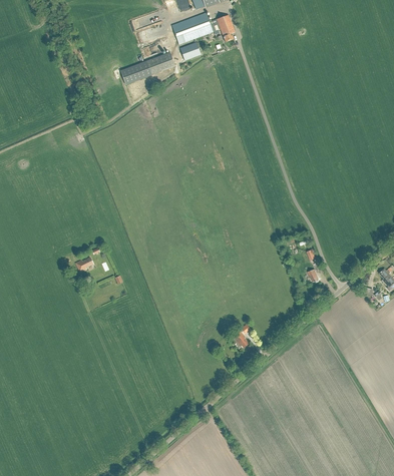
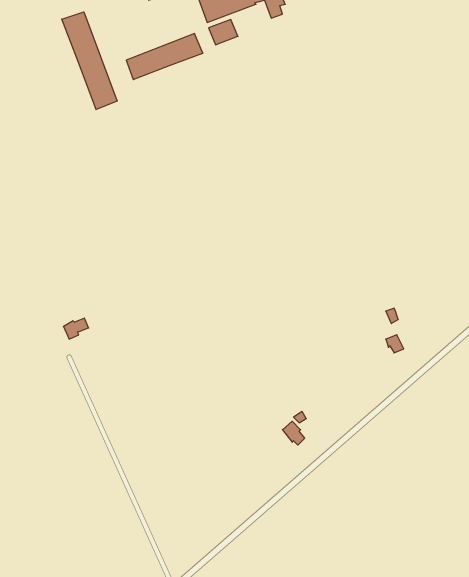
building: none -> [62,12,117,110]

